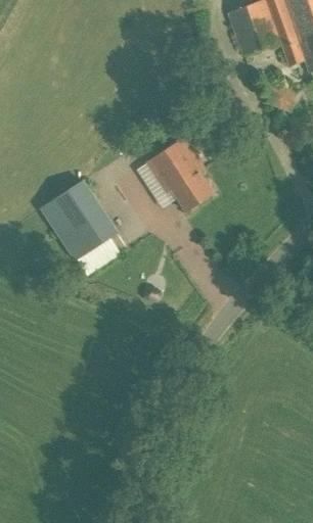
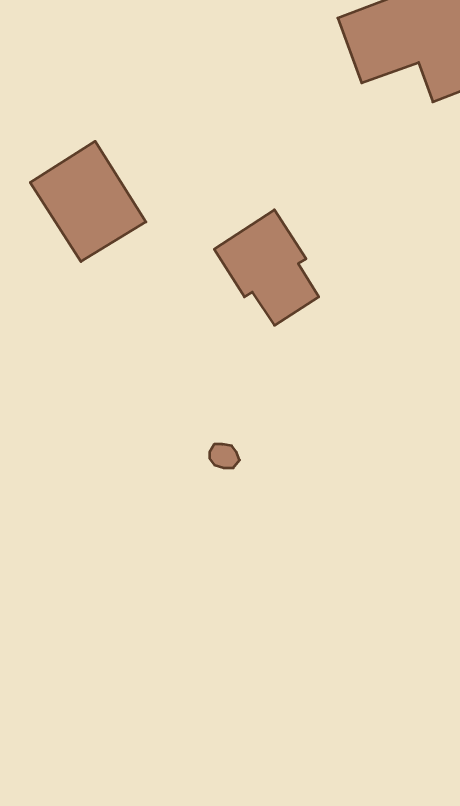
building: [41,180,116,257] -> [30,141,146,262]

